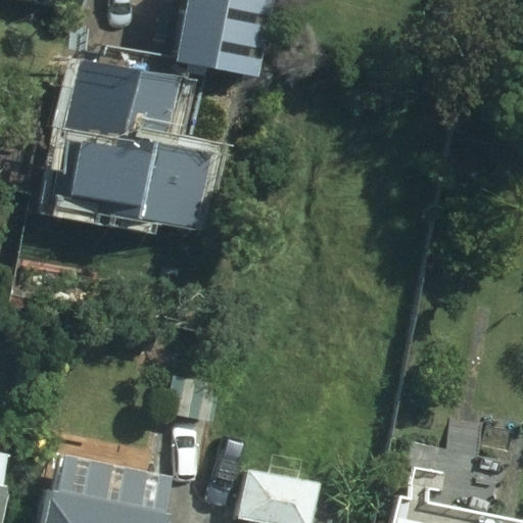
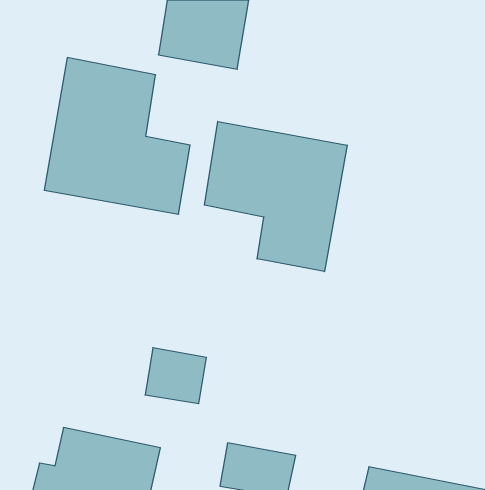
building: none -> [204,121,347,272]

